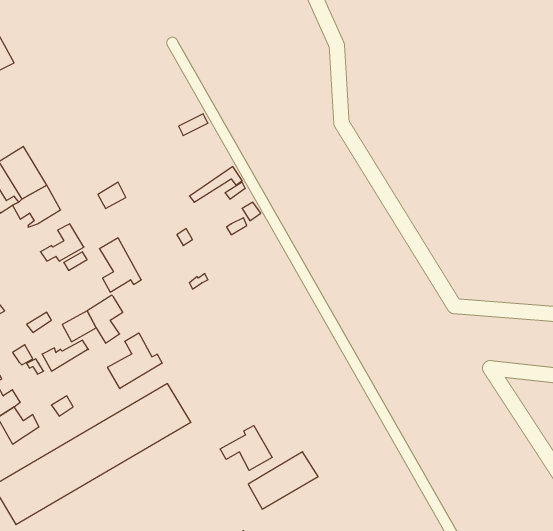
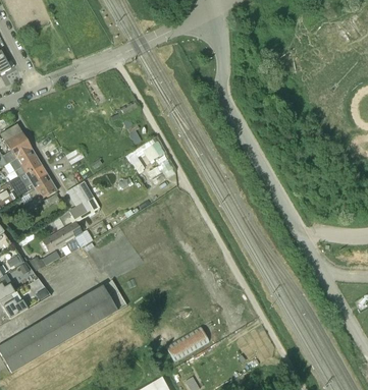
building: none -> [11,165,47,198]
building: [108,333,162,389] -> none
building: [220,426,272,470] -> none

